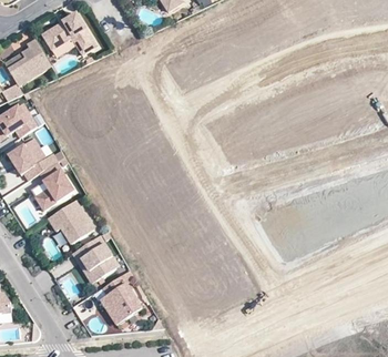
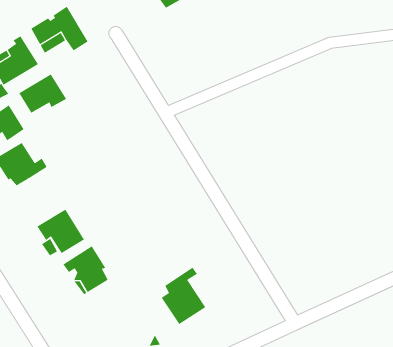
building: none -> [19,74,67,114]
building: [31,162,74,210] -> none
building: [100,269,142,324] -> [161,267,206,325]

